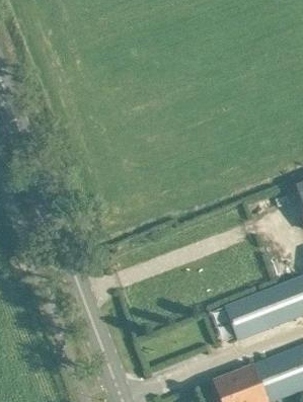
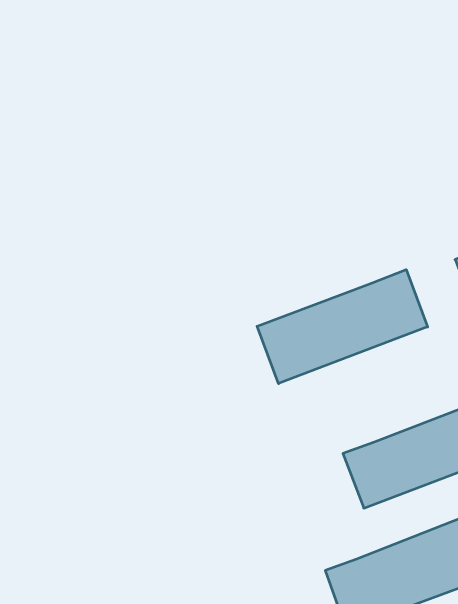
building: none -> [257,270,428,384]

